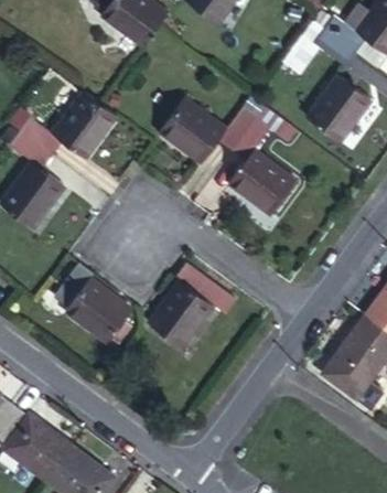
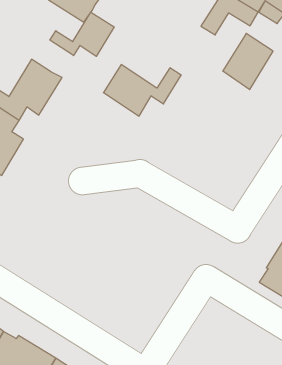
building: none -> [50,12,114,56]
building: [228,118,295,217] -> none
building: [56,260,137,343] -> none
building: [151,261,236,344] -> none

